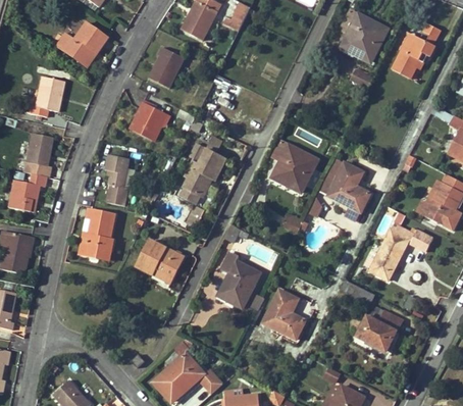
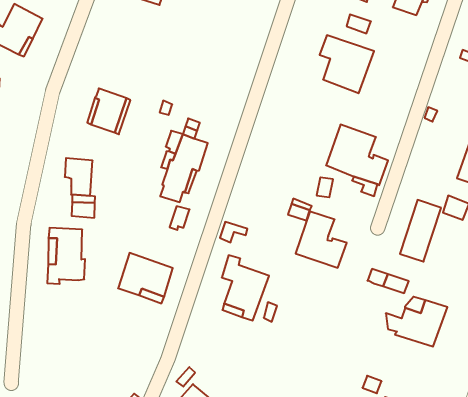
building: [149,47,185,88] -> none
building: [273,141,318,192] -> [320,35,374,93]
building: [264,290,307,339] -> [296,212,347,268]

